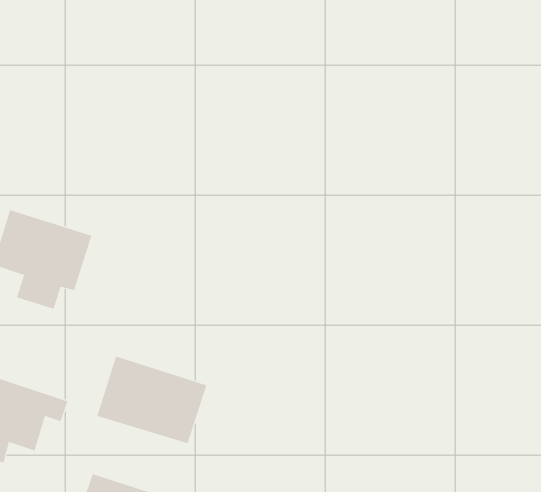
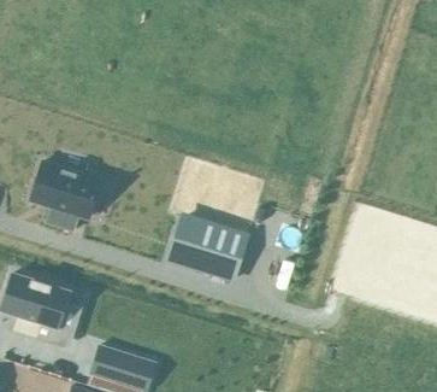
building: [97,356,207,444] -> [169,217,246,279]

